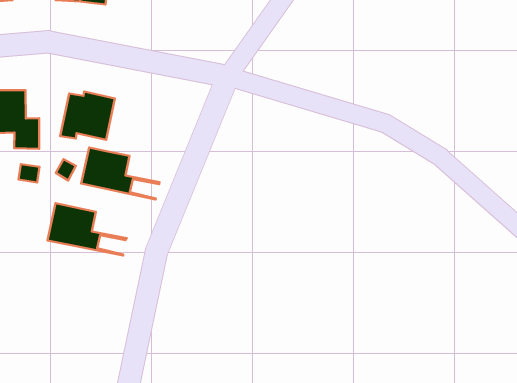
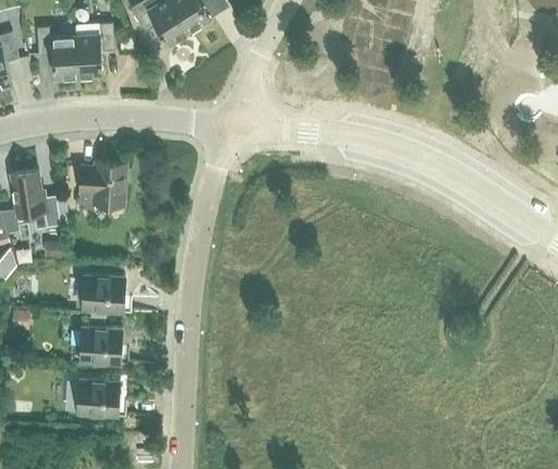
building: [81,147,160,200] -> [80,327,155,368]
building: none -> [77,380,153,420]

